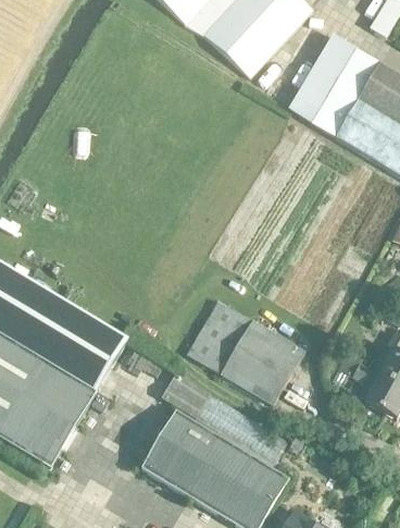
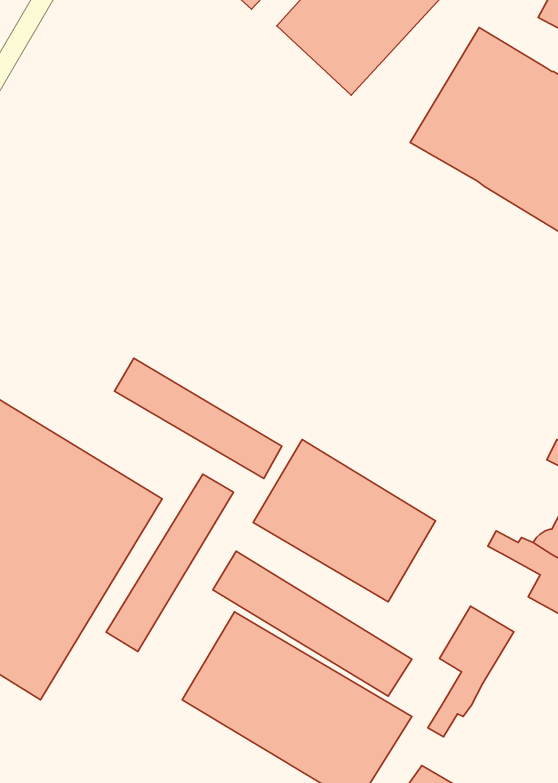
building: none -> [114,358,282,478]
building: none -> [106,474,234,651]
building: none -> [428,606,514,737]

